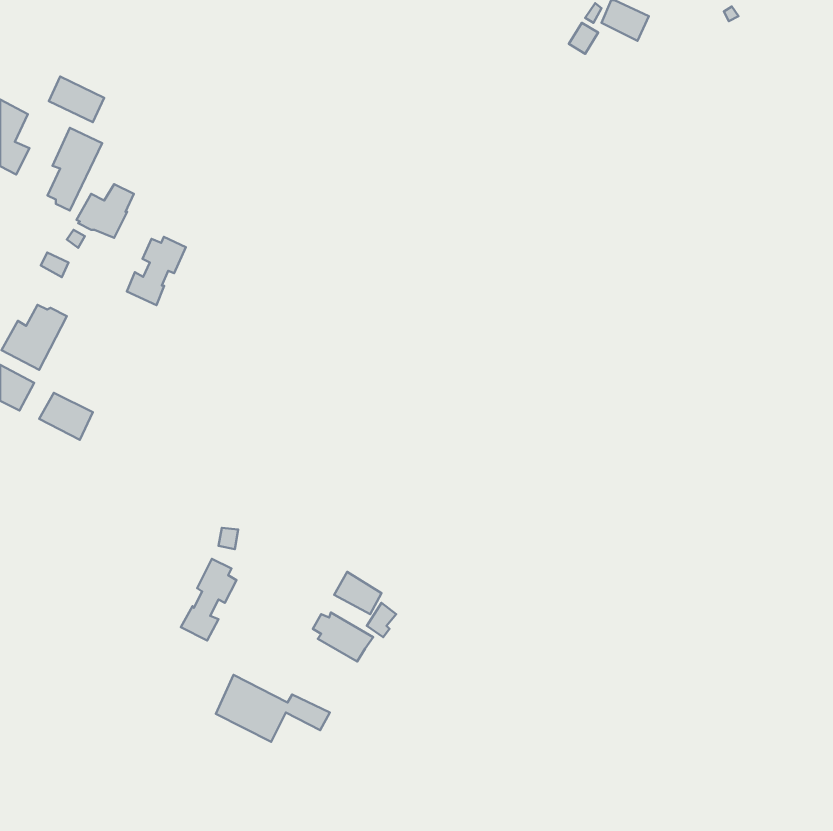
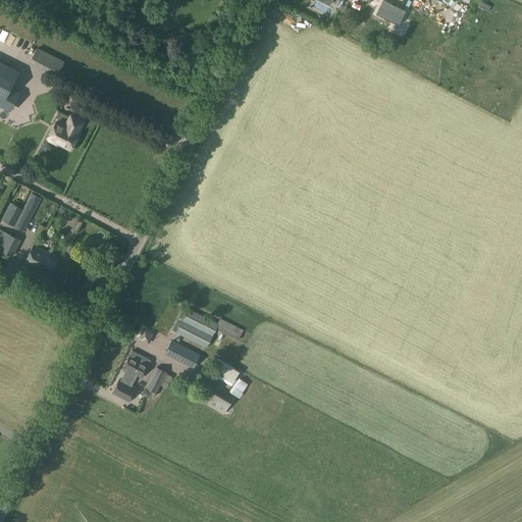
building: [48,128,102,211] -> none
building: [127,237,186,305] -> none
building: none -> [165,342,200,368]
building: none -> [145,367,172,394]
building: [216,675,330,742] -> [172,307,244,349]

